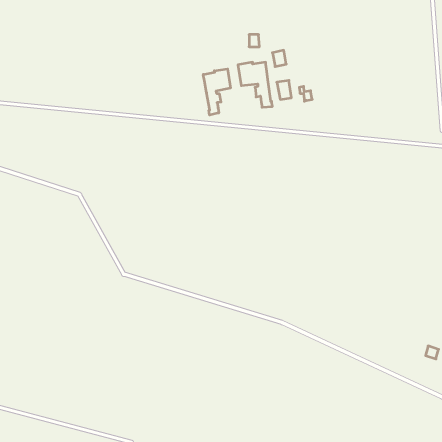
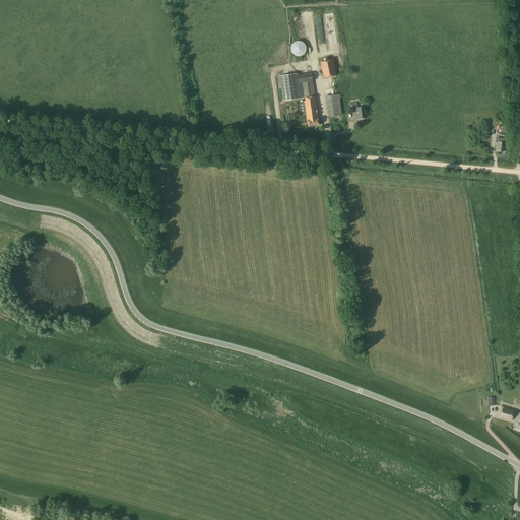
building: [203,69,230,115] -> none

